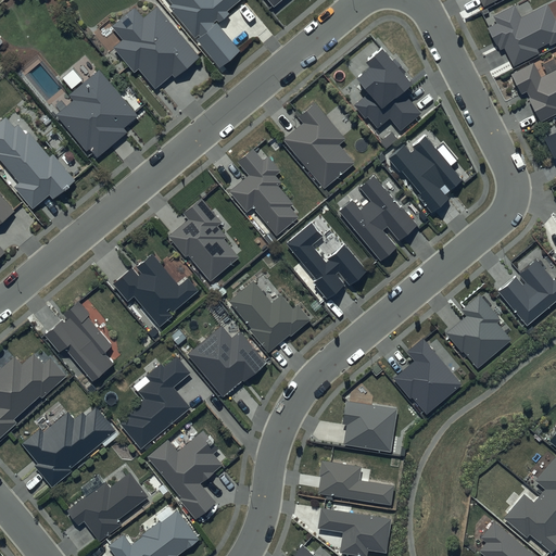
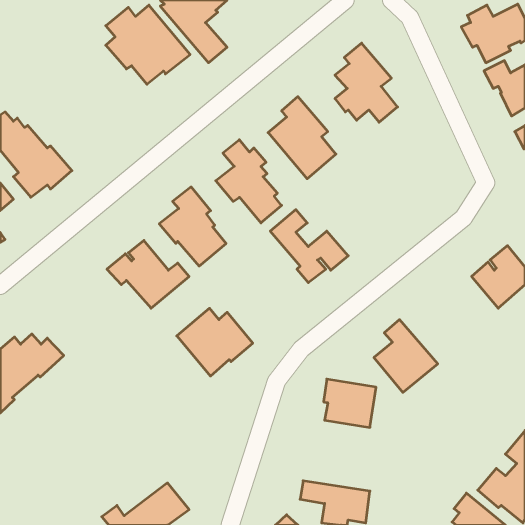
building: [55,70,139,159] -> none
building: [388,135,464,213] -> none
building: [338,175,417,261] -> none
building: [229,281,312,353] -> none
building: [446,294,510,368] -> none
building: [45,302,114,382] -> none
building: [117,357,190,448] -> none
building: [22,407,116,488] -> none
building: [147,431,223,520] -> none
building: [318,460,394,504] -> none
building: [67,473,148,542] -> none

